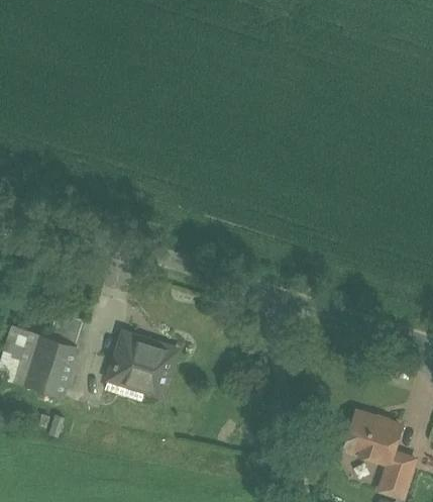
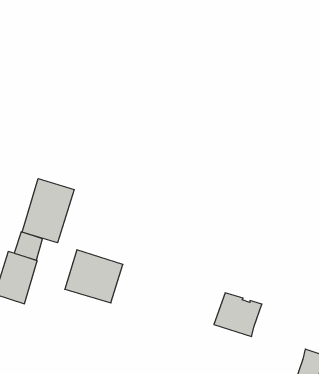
building: none -> [22,179,74,243]
building: [342,412,399,464] -> [214,293,262,337]

